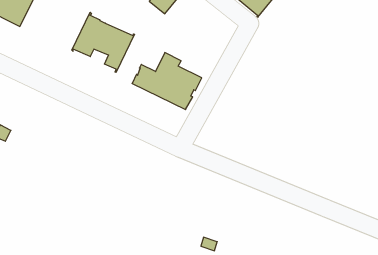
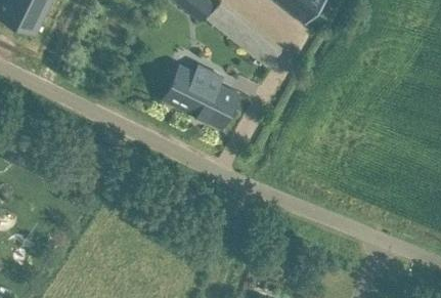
building: [72,12,135,72] -> none

